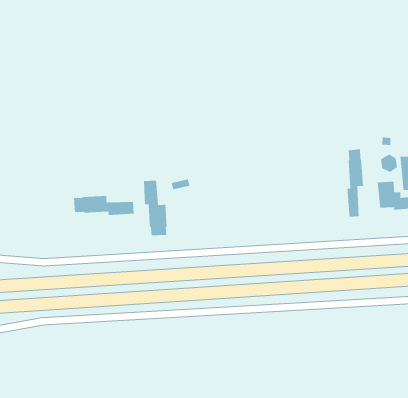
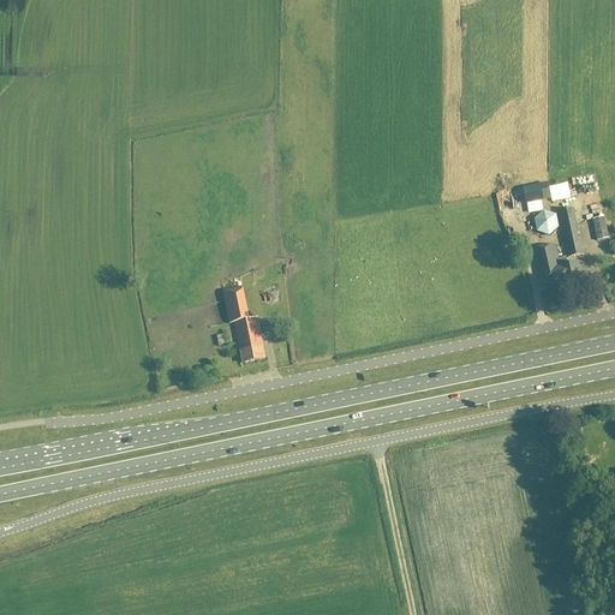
building: [347,149,364,218] -> none
building: [73,195,134,216] -> none

